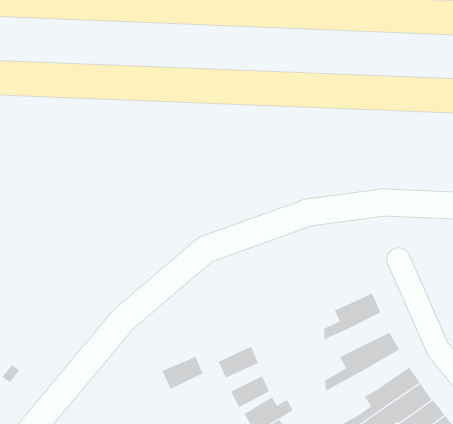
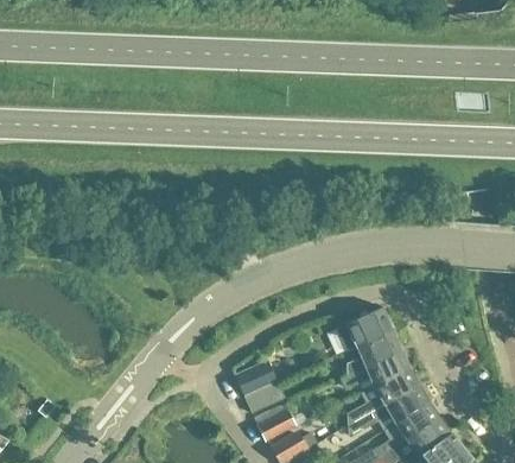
building: none -> [335,306,393,351]
building: none -> [341,349,409,387]
building: none -> [348,385,428,436]
building: [161,356,203,390] -> [236,364,276,397]

